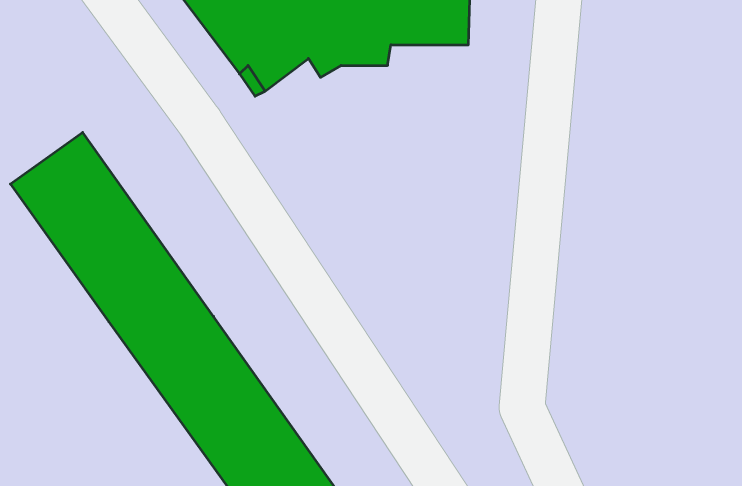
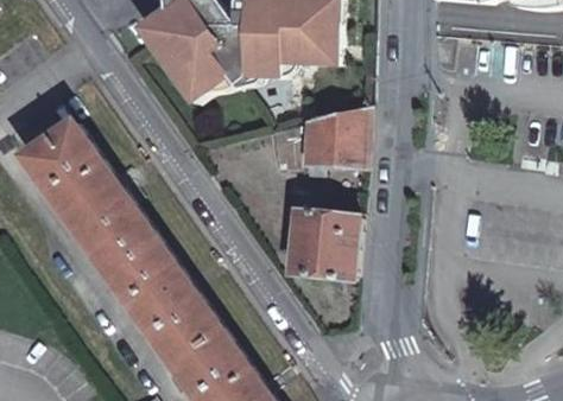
building: none -> [303,106,367,171]
building: none -> [291,209,356,279]

